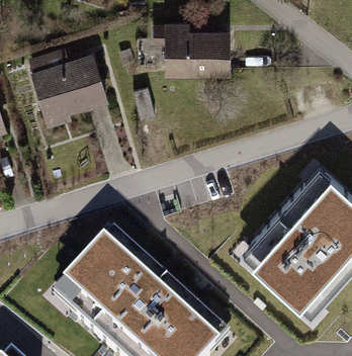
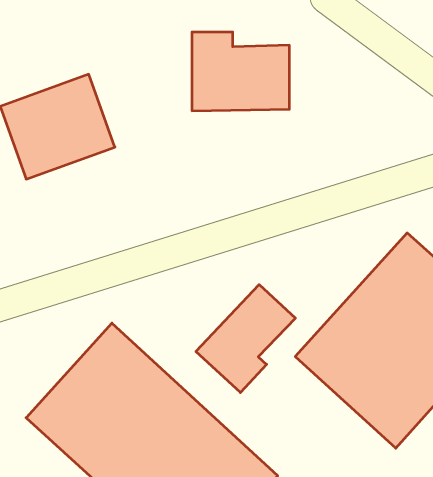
building: none -> [196,285,295,393]

